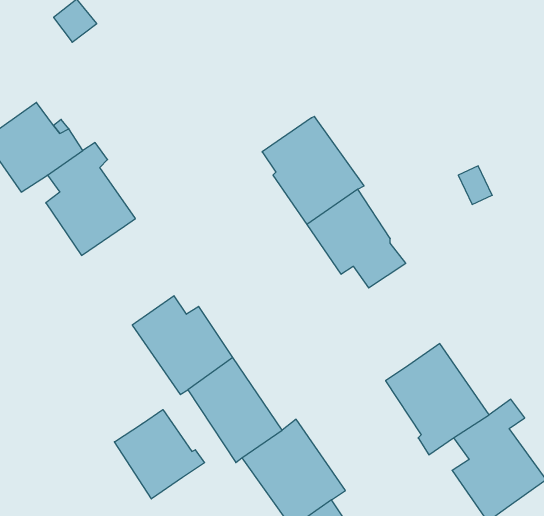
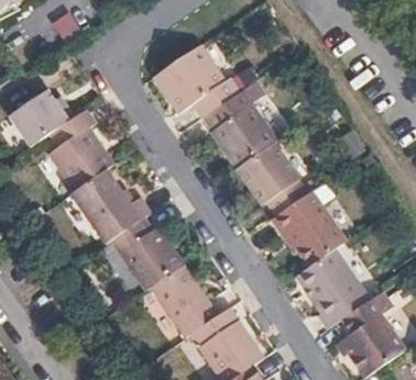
building: none -> [155,44,239,118]
building: none -> [70,169,149,245]
building: none -> [271,191,348,268]
building: [114,410,205,499] -> none

